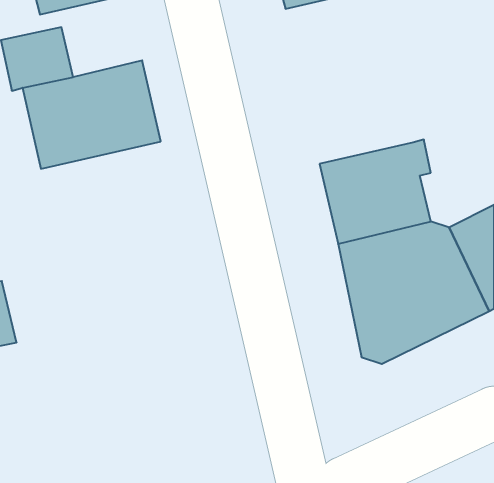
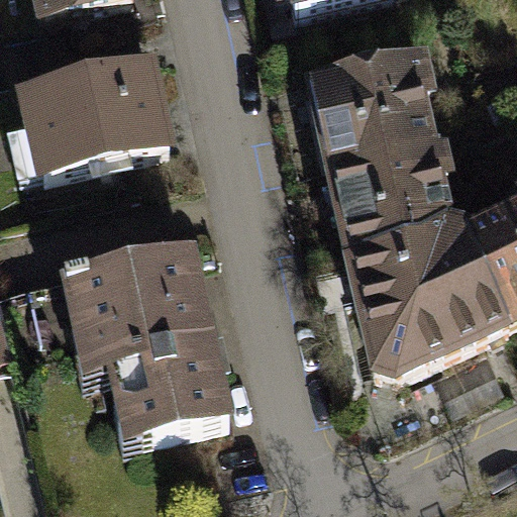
building: none -> [312,62,428,170]
building: none -> [67,263,225,439]

